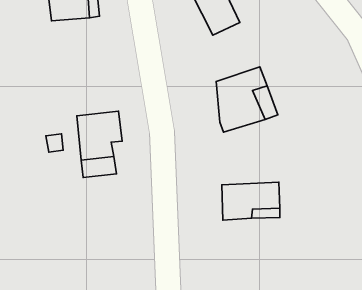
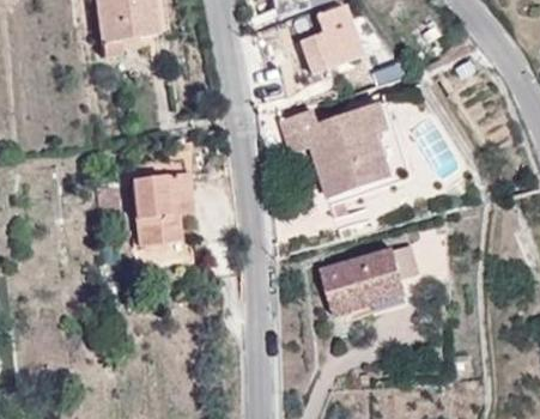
building: none -> [281,111,323,178]

